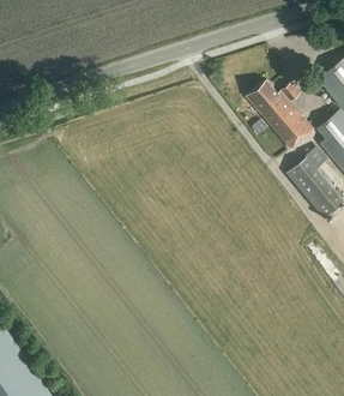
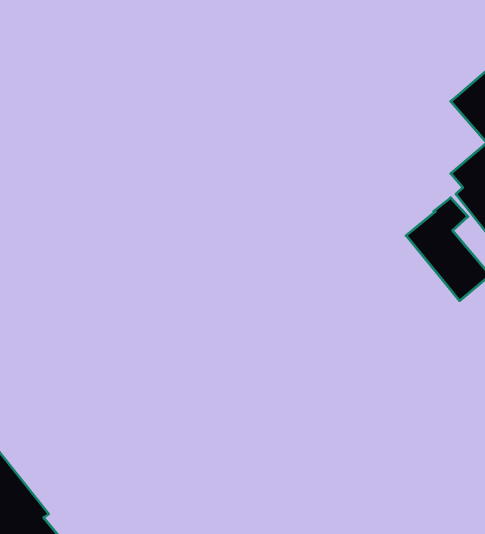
building: [246,82,313,150] -> none

